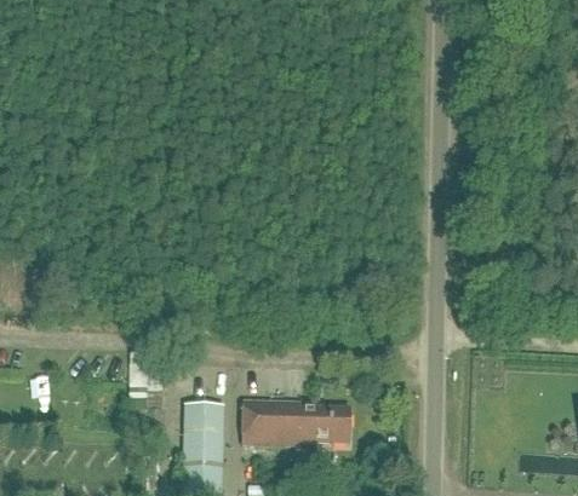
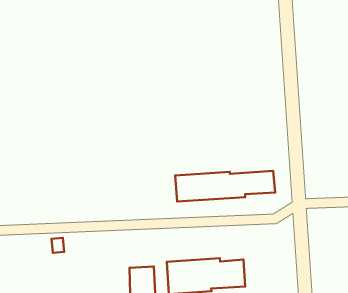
building: none -> [175,171,275,202]

